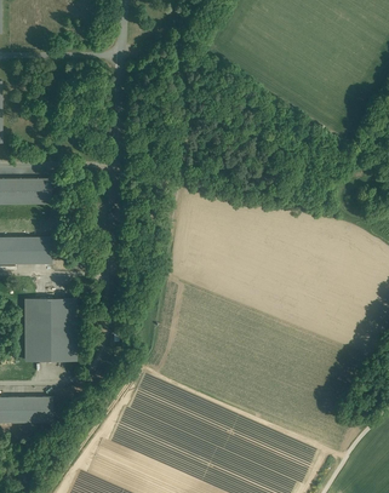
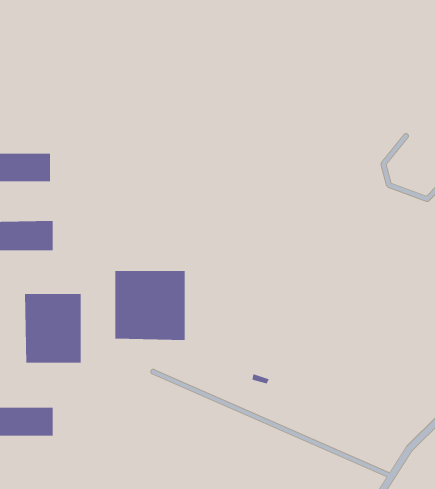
building: none -> [114,270,185,341]

